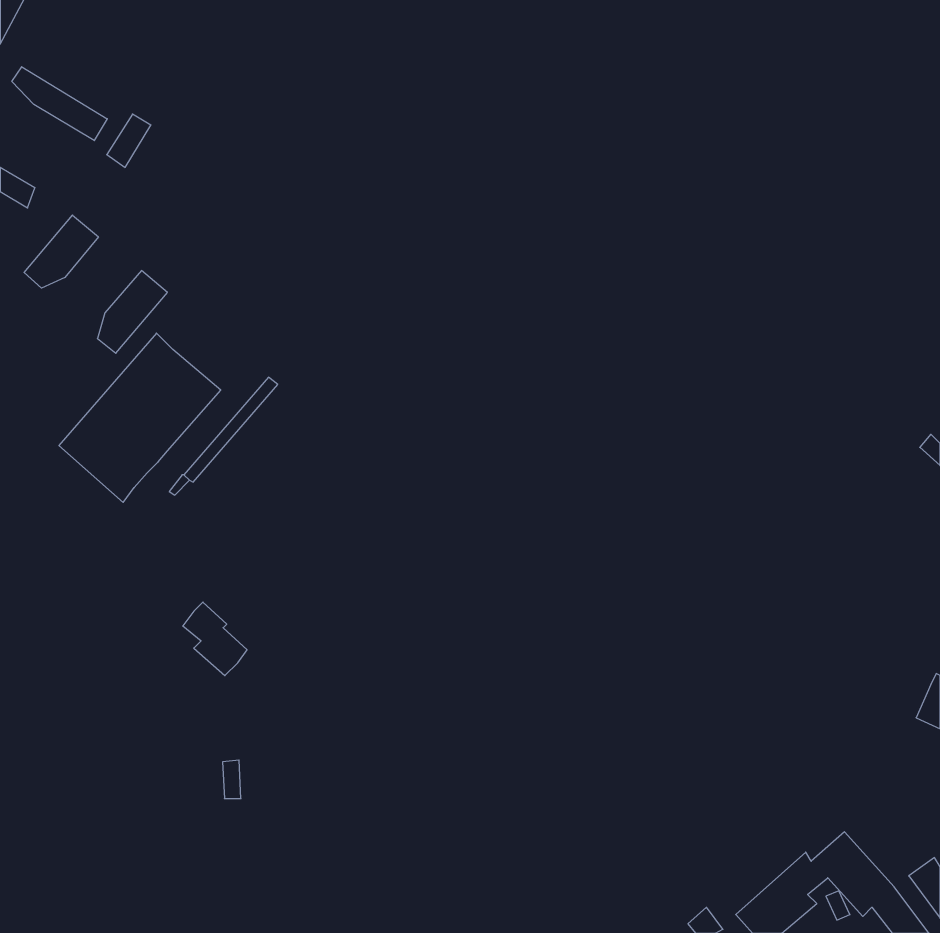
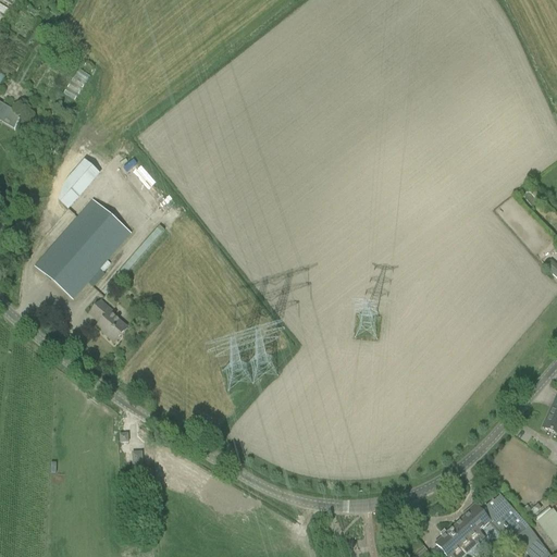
building: [12,67,107,141] -> none
building: [24,215,98,288] -> none
building: [183,602,247,676] -> [89,297,127,341]

